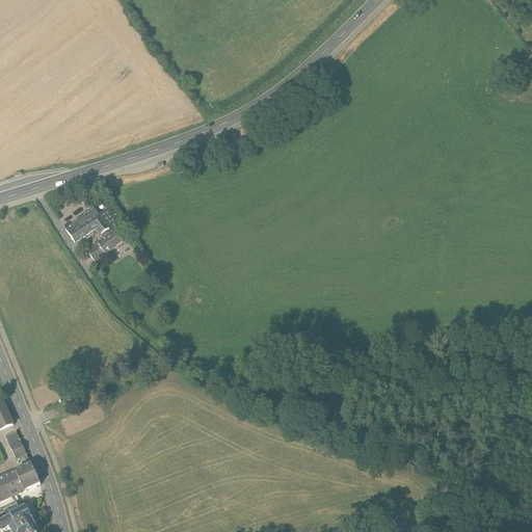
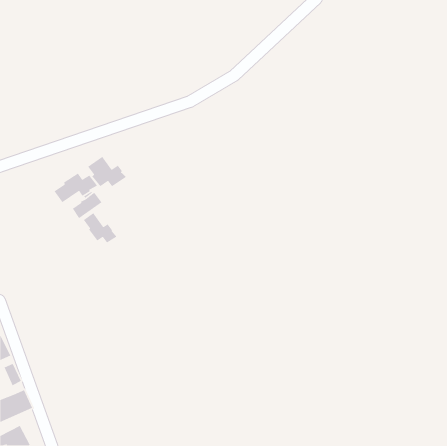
building: none -> [87,156,127,187]
building: none -> [83,212,117,243]

